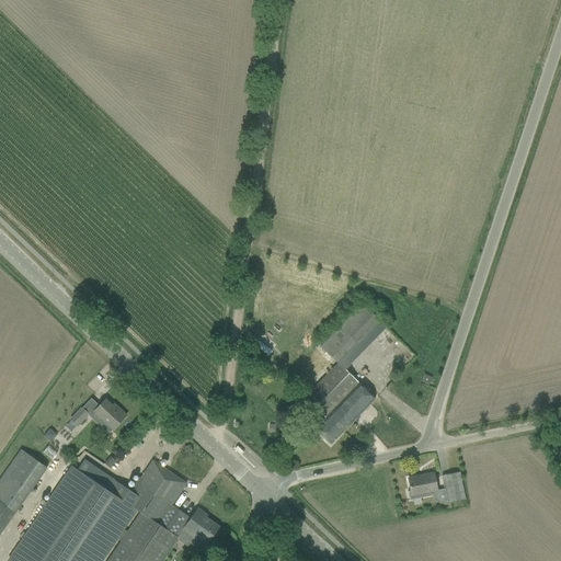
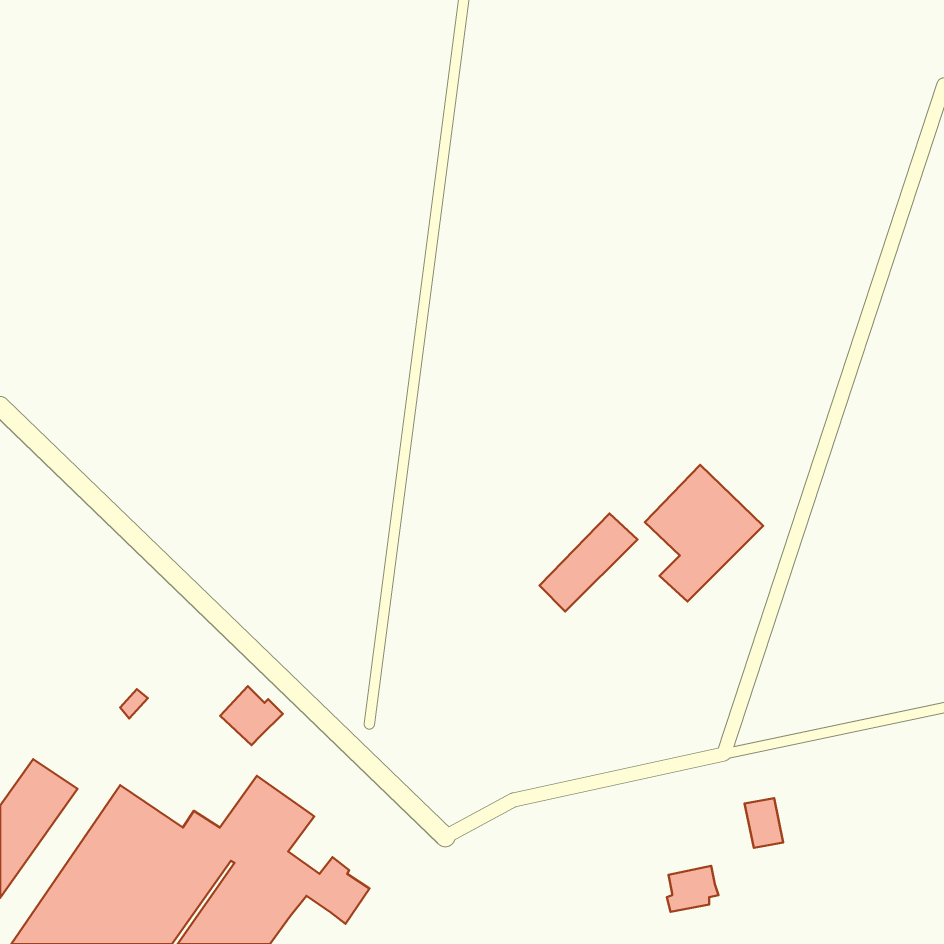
building: [305,364,375,445] -> [645,465,763,602]
building: [89,400,126,435] -> [220,686,283,745]
building: [407,473,437,501] -> [667,866,718,912]

